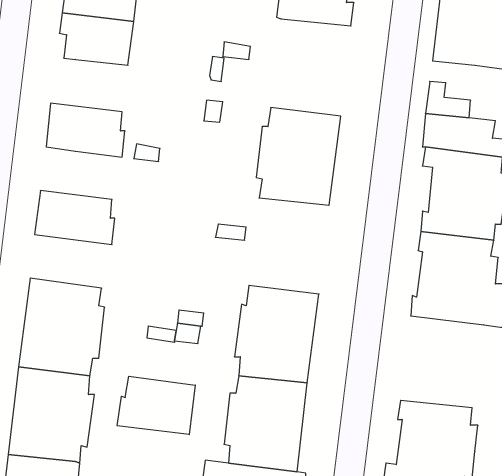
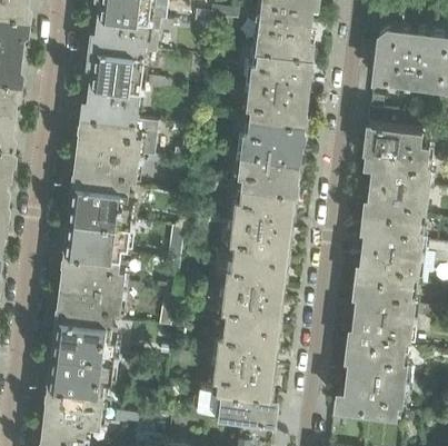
building: none -> [247,54,311,129]
building: none -> [82,82,165,126]
building: none -> [74,152,137,192]
building: none -> [231,191,295,265]
building: none -> [67,219,129,260]
building: none -> [349,281,416,351]
building: [117,376,195,435] -> none

